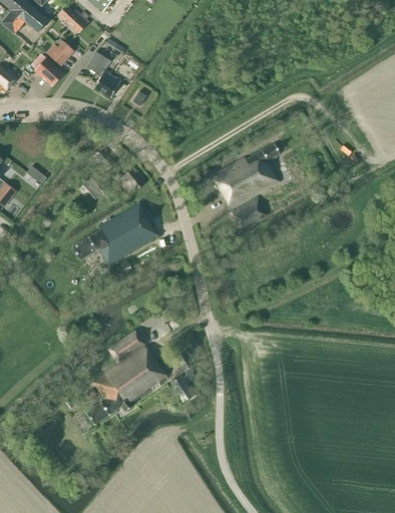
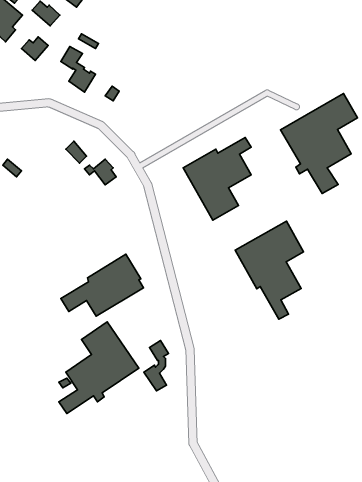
building: [35,56,65,86] -> none
building: none -> [280,94,357,194]
building: [72,201,156,265] -> [61,254,144,316]
building: none -> [235,221,303,319]

